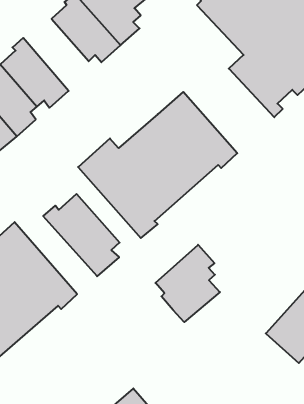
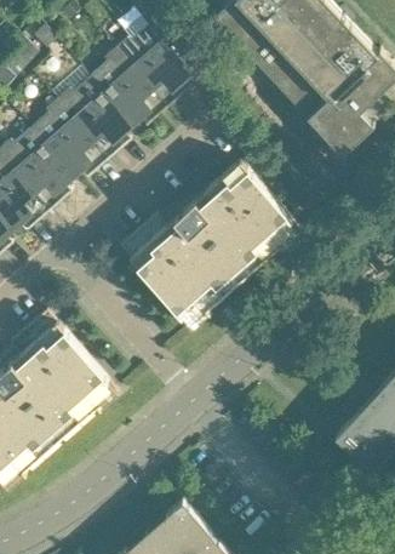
building: none -> [55,76,130,159]
building: [43,194,120,276] -> none
building: [155,245,220,322] -> none

